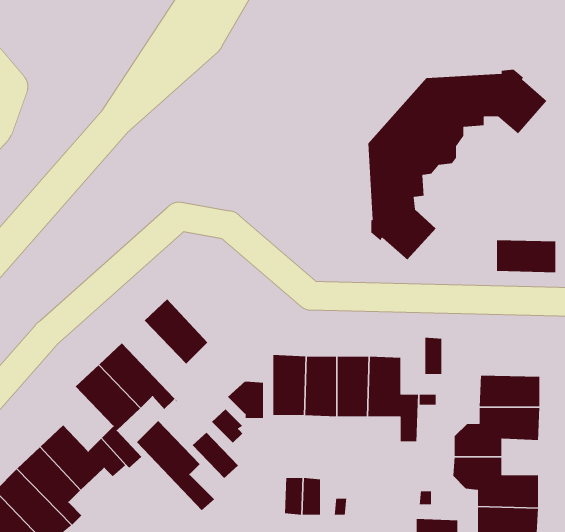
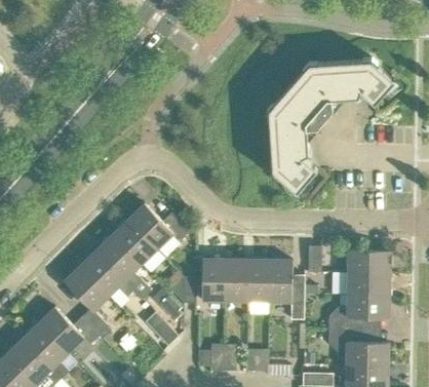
building: [496,239,556,273] -> [347,249,389,273]
building: none -> [127,202,188,249]
building: [136,420,215,511] -> [95,234,151,298]

